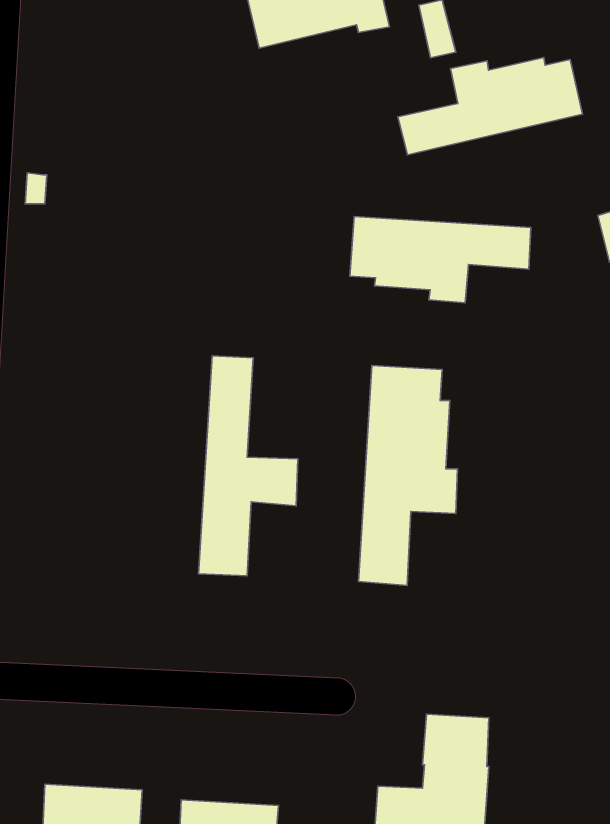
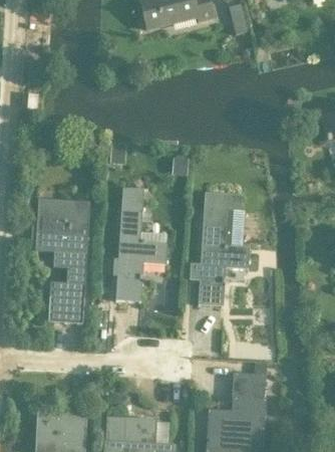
building: [398,58,583,155] -> none
building: [350,216,531,303] -> none
building: none -> [35,199,89,323]

